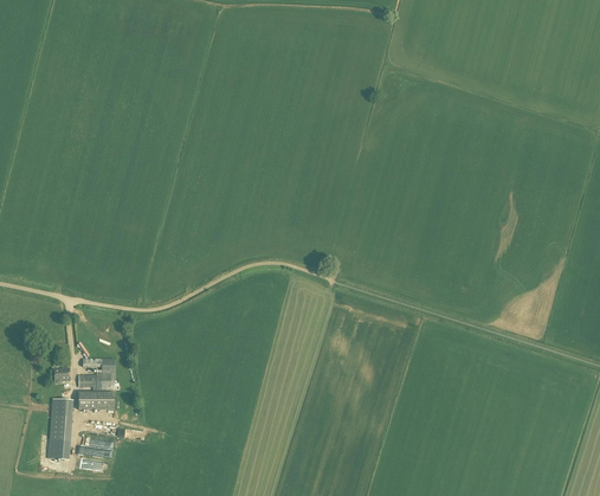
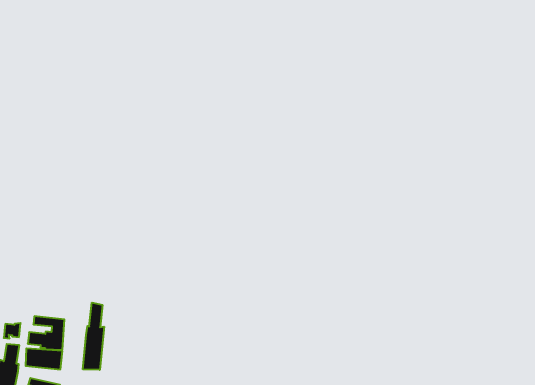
building: none -> [83,303,104,370]

